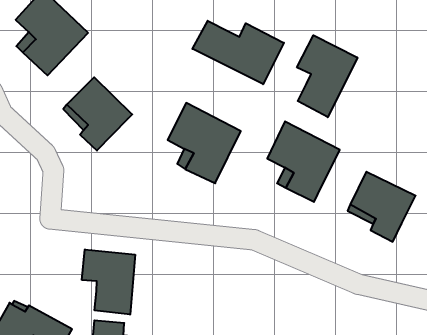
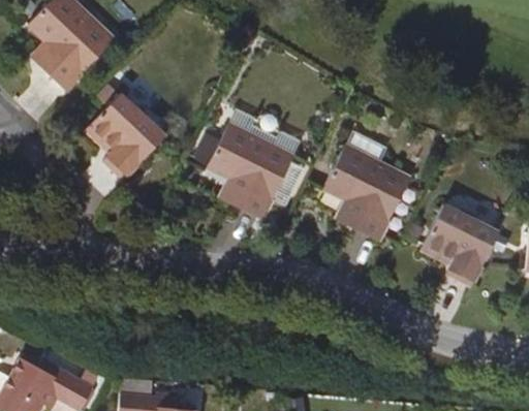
building: [192,21,284,84] -> none
building: [297,35,357,117] -> none
building: [82,249,135,315] -> none

